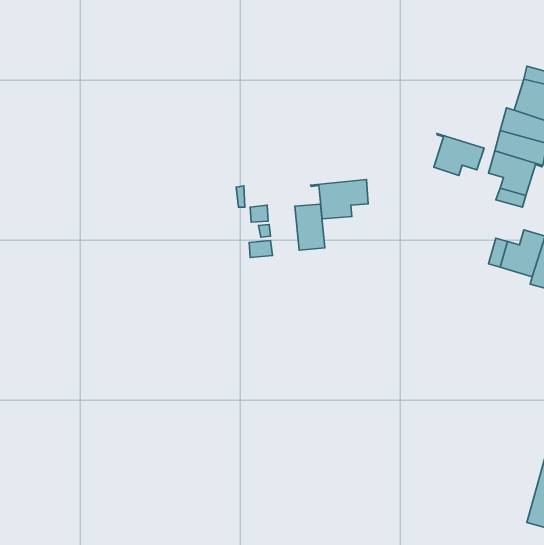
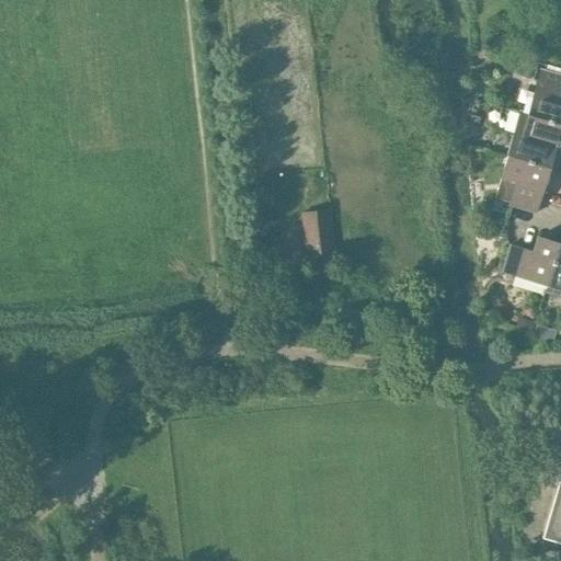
building: [434,133,484,176] -> none
building: [310,180,368,219] -> none

